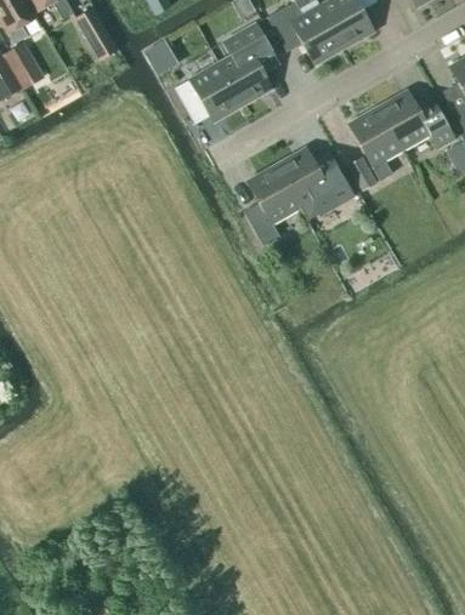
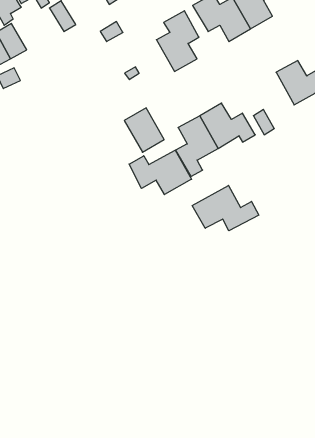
building: [189,62,243,121] -> [124,108,164,152]
building: [348,106,403,180] -> none
building: none -> [129,150,192,195]
building: none -> [192,185,259,231]

